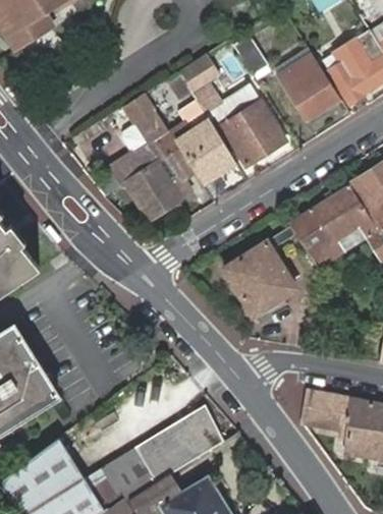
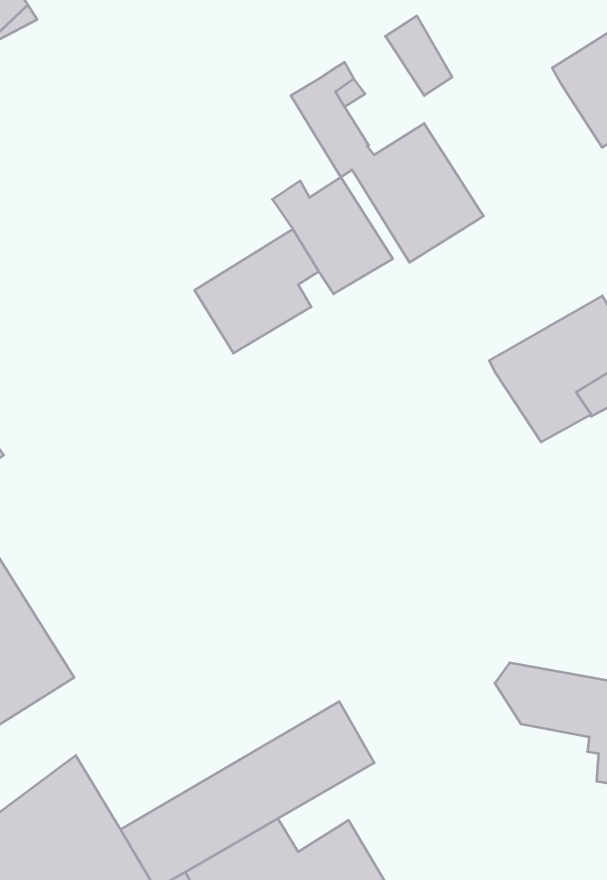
building: [279,56,341,122] -> none
building: [108,97,180,187] -> none
building: [226,228,297,316] -> none

